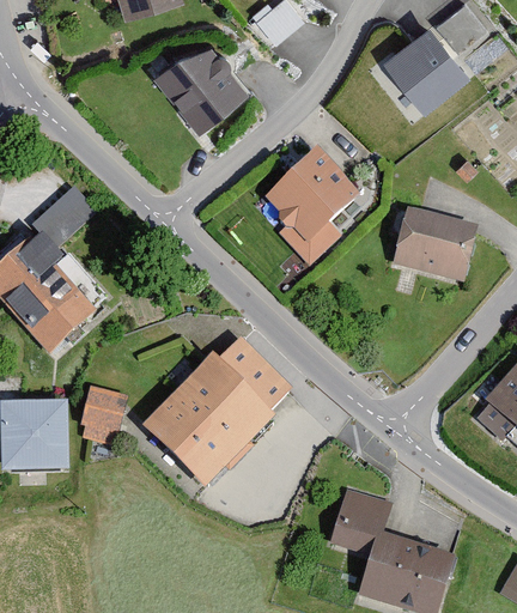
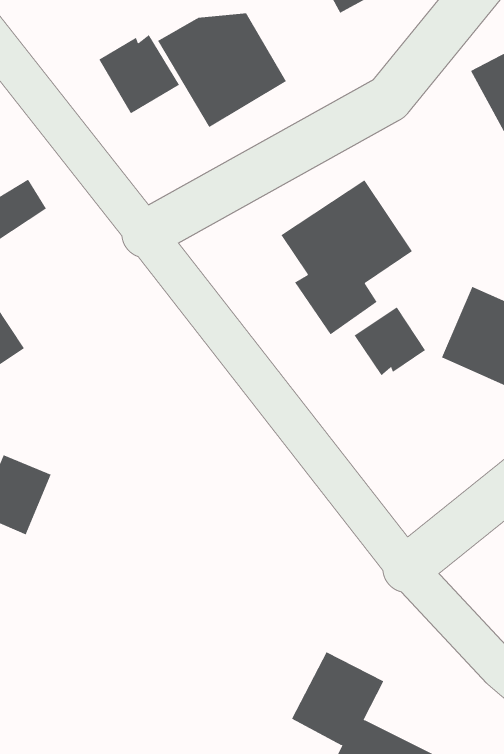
building: none -> [99,34,180,114]
building: none -> [354,306,426,376]
building: [139,339,290,490] -> none

